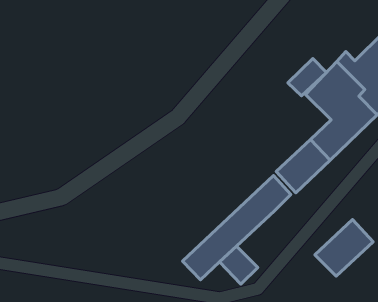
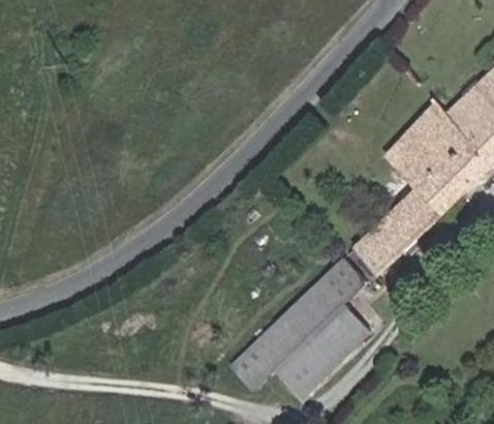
building: [288,59,326,96] -> none
building: [315,220,373,276] -> [299,302,372,373]

